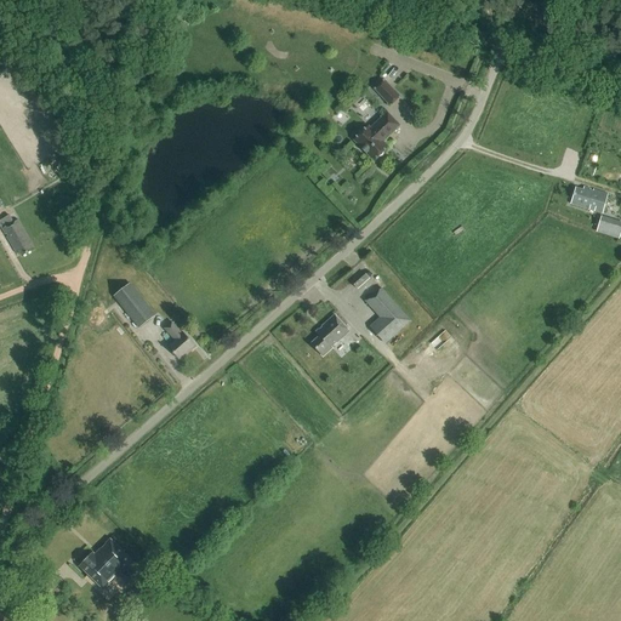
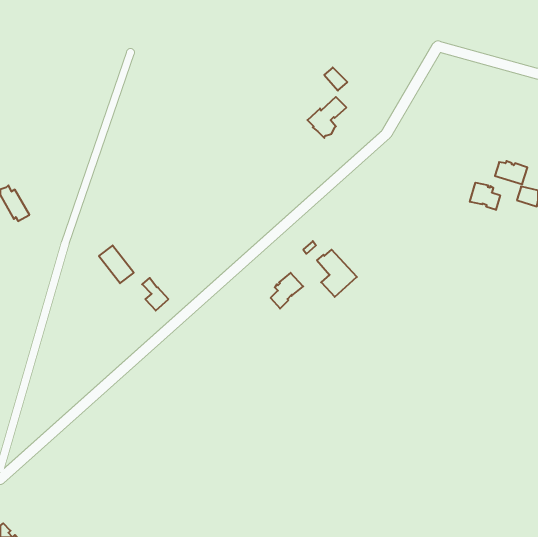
building: none -> [470,183,500,210]
building: [78,536,141,588] -> none

